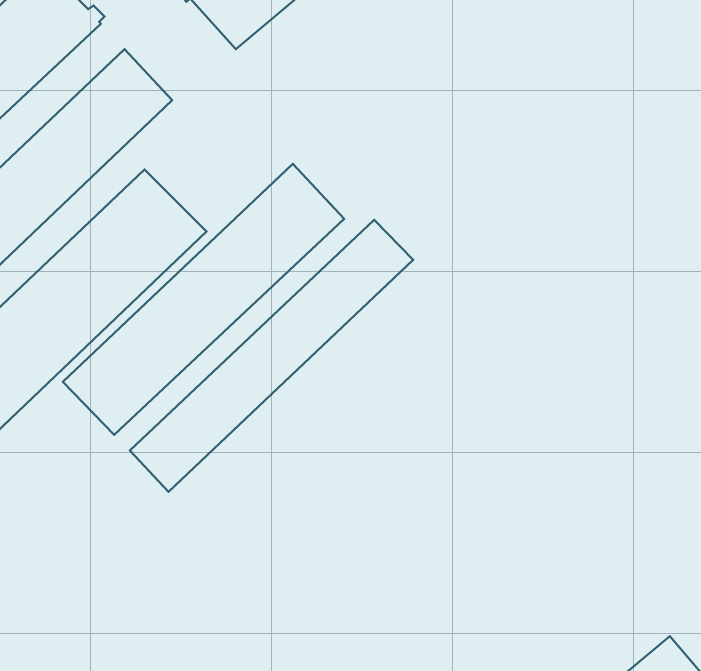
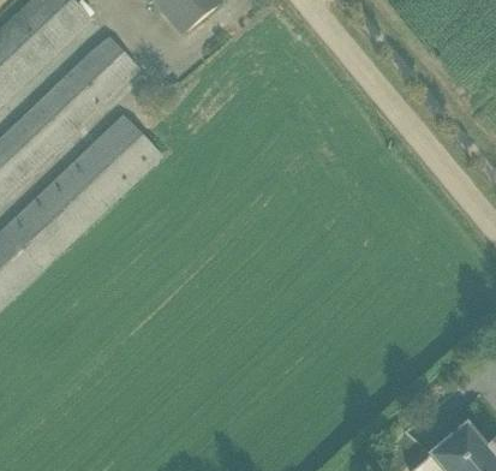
building: [63,164,344,435] -> none
building: [130,220,413,492] -> none

